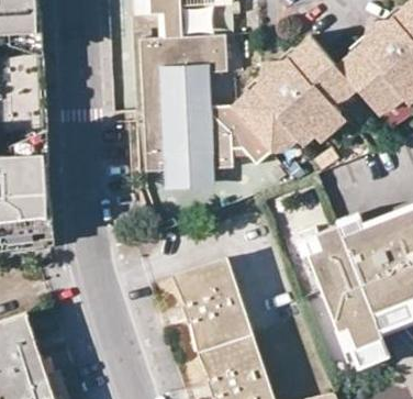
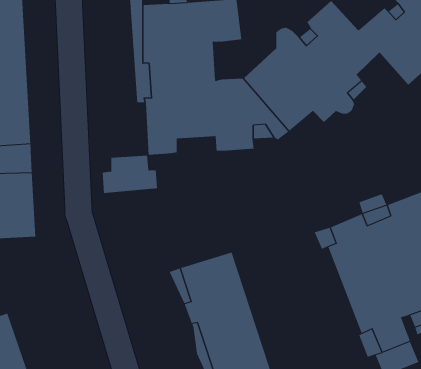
building: [168,158,217,192] -> [102,155,158,194]

